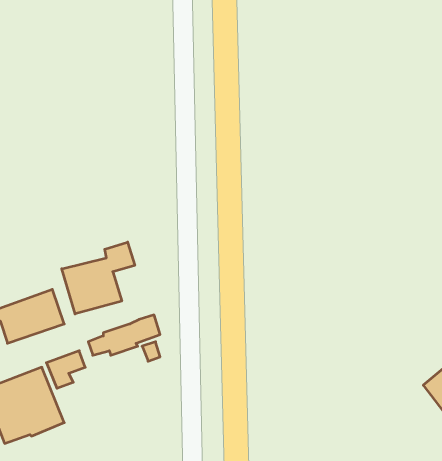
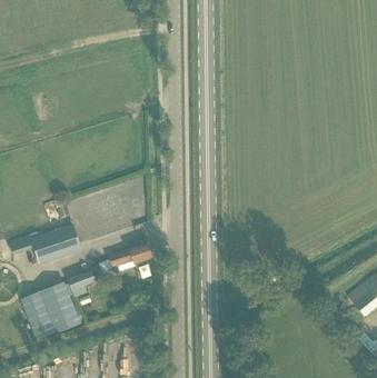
building: [62,242,135,314] -> none

